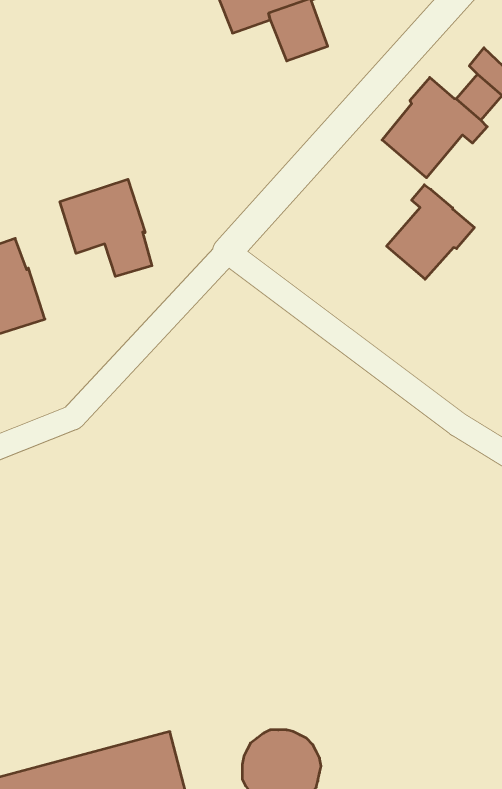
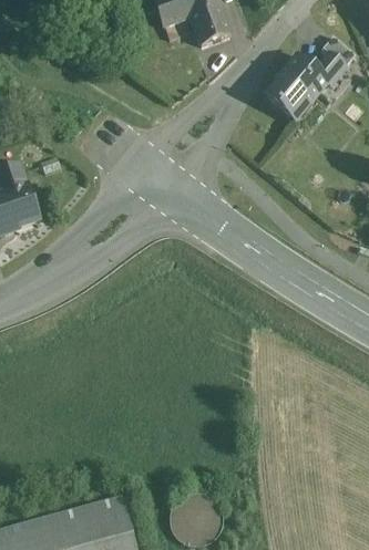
building: [60,179,152,276] -> none
building: [387,185,474,279] -> none

